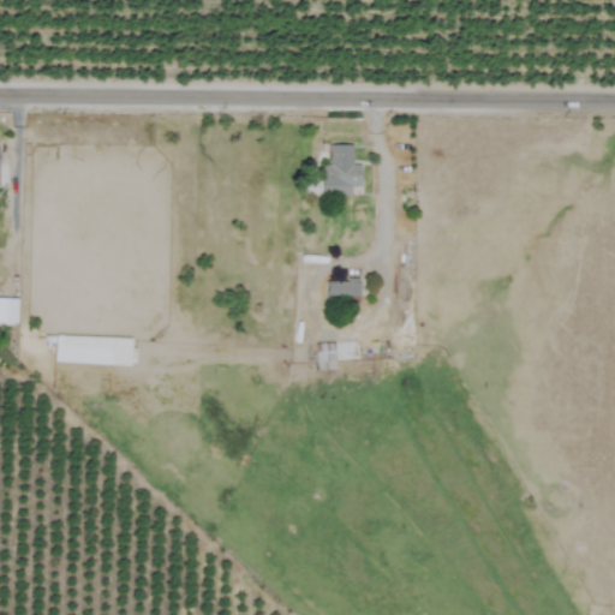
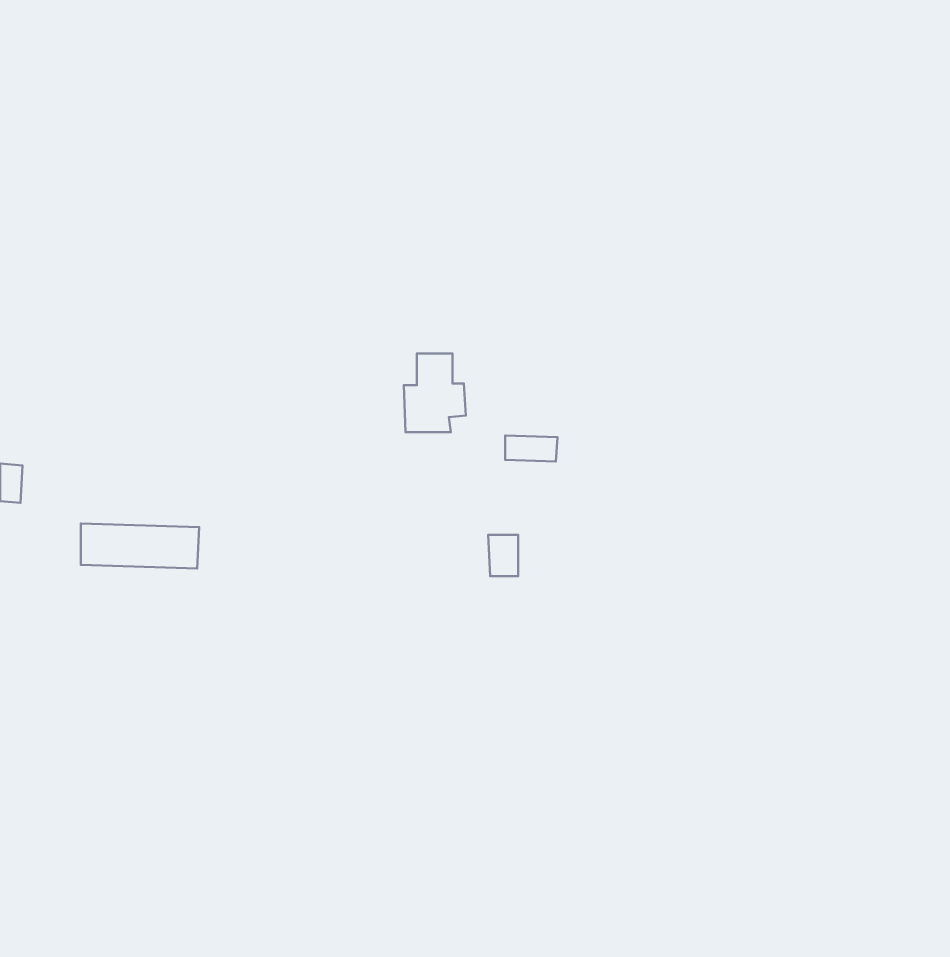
building: [324,144,364,195] -> [404,353,466,432]

